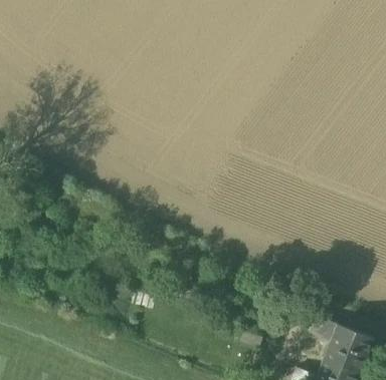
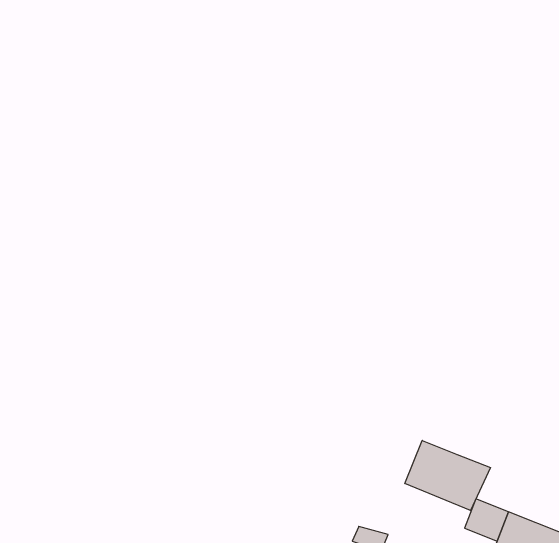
building: none -> [405,440,490,511]

